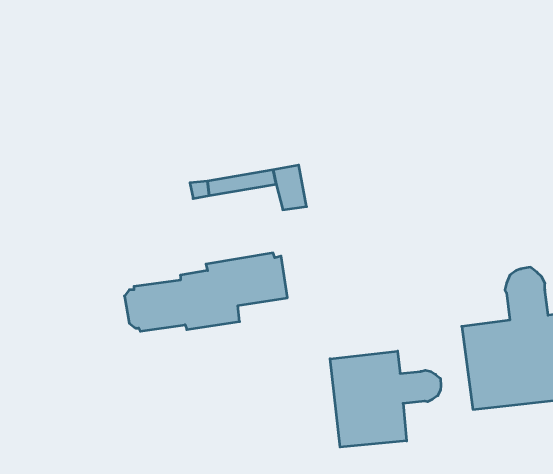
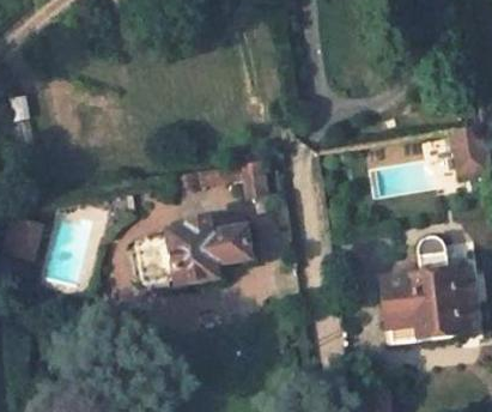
building: [330,351,441,447] -> none

